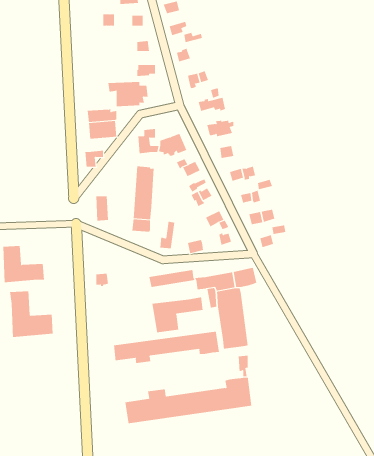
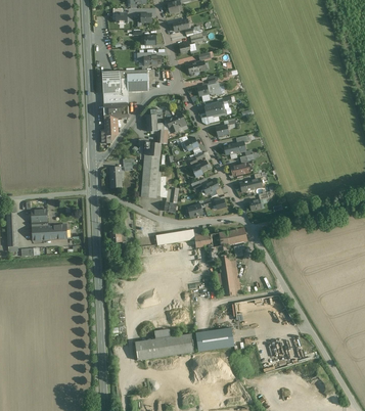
building: none -> [101,71,121,94]
building: [10,291,53,338] -> none
building: [152,297,203,333] -> none
building: [113,331,220,364] -> none

